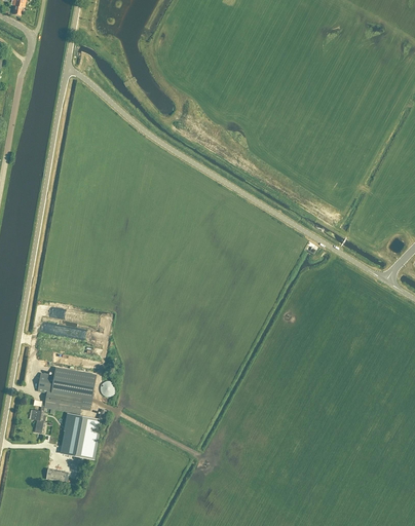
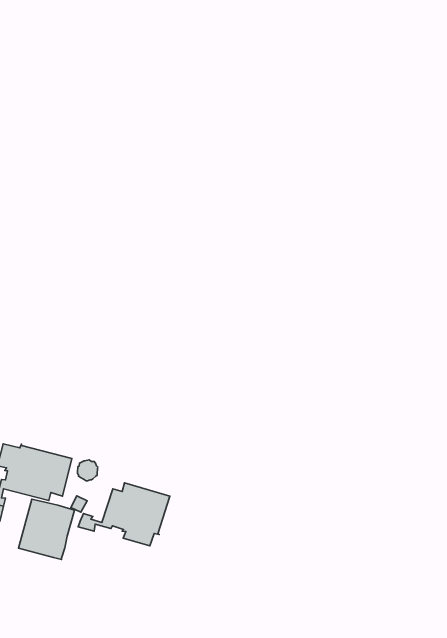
building: none -> [78,483,170,546]

